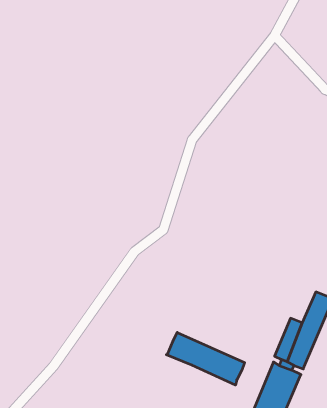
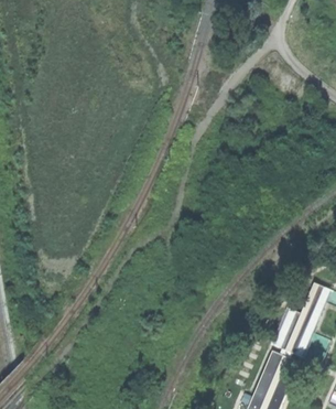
building: [166,332,245,385] -> none

